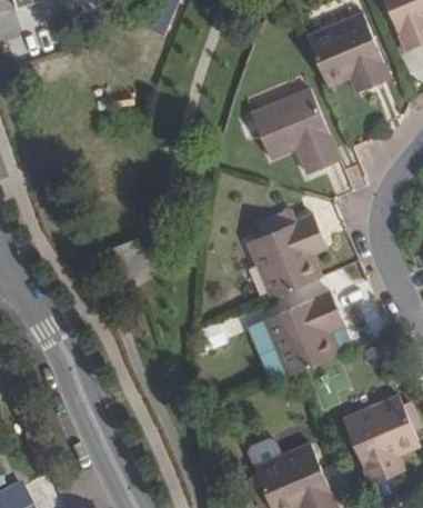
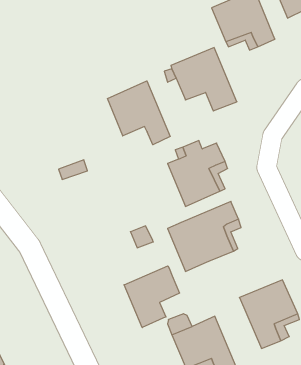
building: none -> [108,81,170,145]
building: none -> [124,266,180,328]

